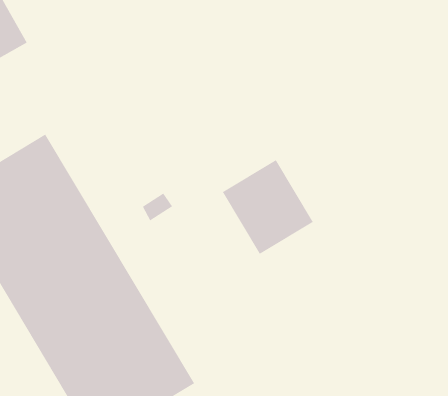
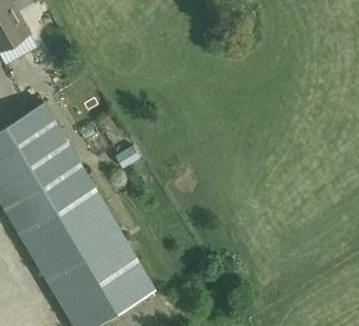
building: [222,159,314,255] -> none

